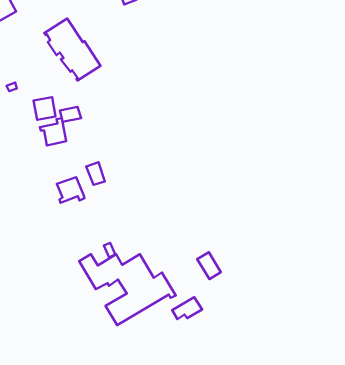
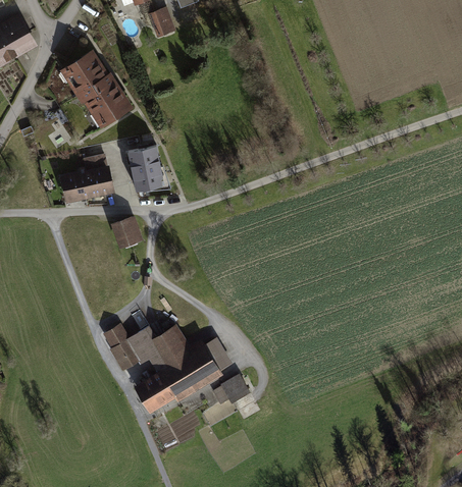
building: [34,97,56,120] -> [87,169,112,196]
building: none -> [129,147,163,192]
building: [57,177,84,203] -> none
building: [197,252,221,279] -> [202,340,229,372]

